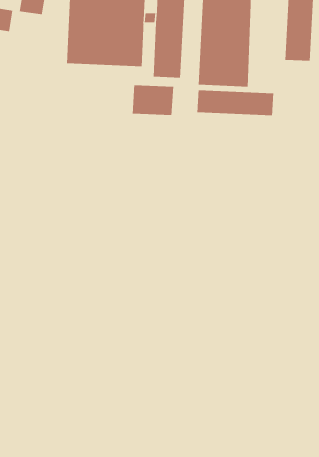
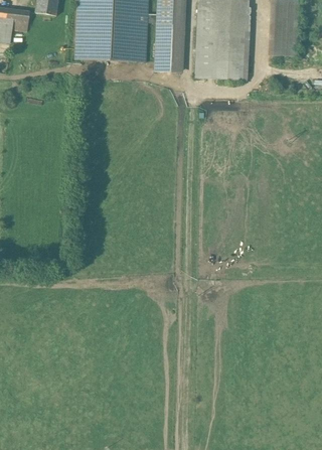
building: [132,85,174,116] -> none
building: [197,89,274,116] -> none

